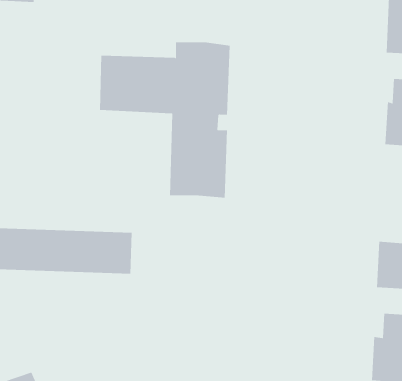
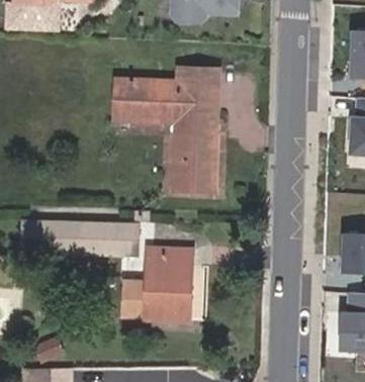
building: none -> [121,248,195,323]

